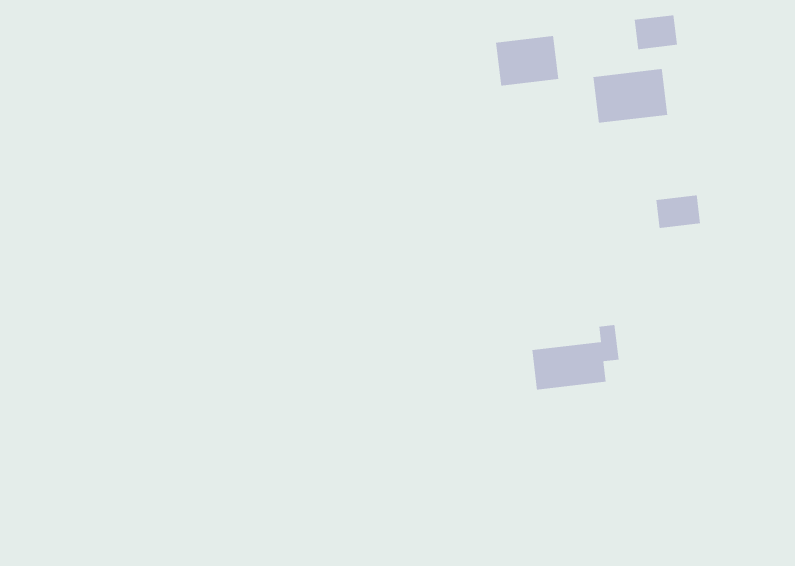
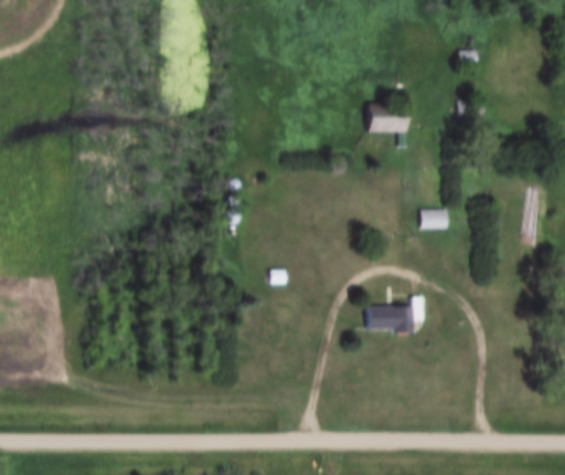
building: [593,68,668,124] -> none
building: [656,195,701,228] -> [420,209,448,228]

